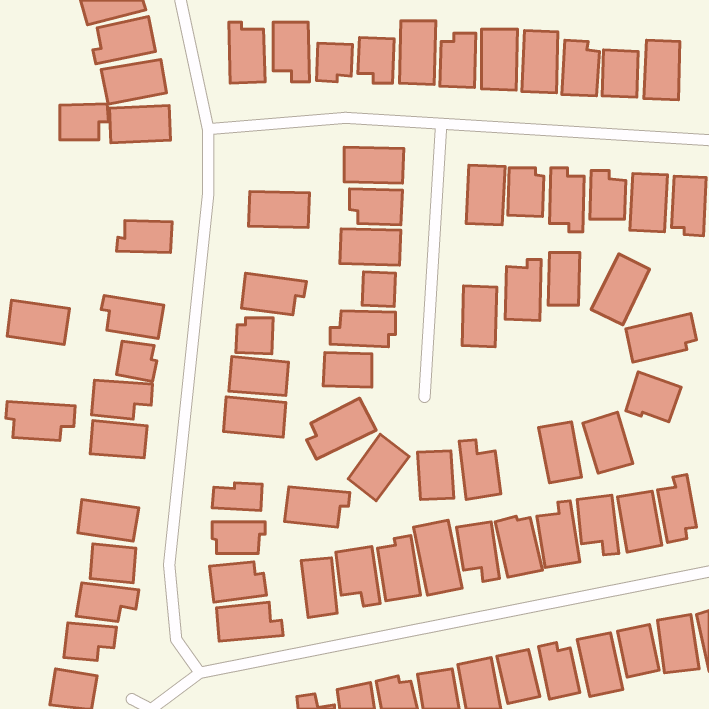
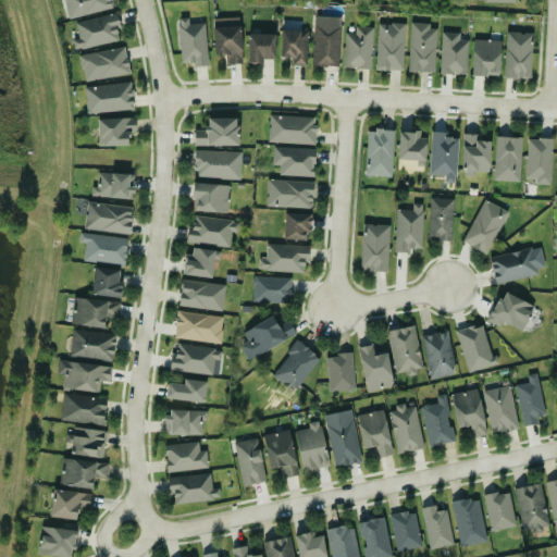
building: [60,104,108,140] -> [98,117,136,146]
building: none -> [195,117,238,146]
building: none -> [193,184,230,213]
building: [7,300,70,345] -> [85,200,134,235]
building: [6,402,75,440] -> [58,360,112,391]
building: none -> [389,326,422,374]
building: [285,487,350,527] -> [172,344,223,375]

